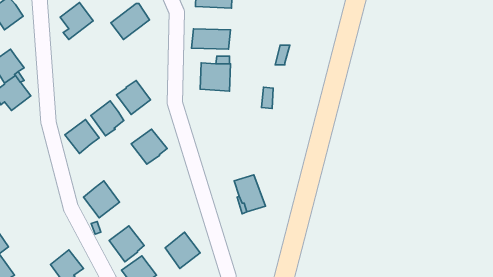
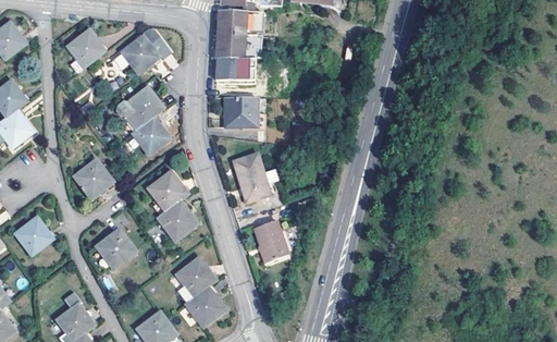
building: none -> [216,33,259,59]
building: [91,101,124,136] -> [125,84,162,123]
building: none -> [240,154,277,201]
building: none -> [157,199,196,240]
building: none -> [15,215,55,255]
building: [109,226,144,262] -> [175,256,214,296]

